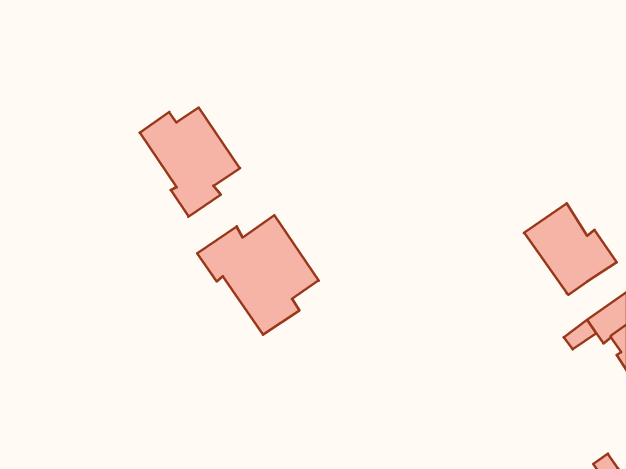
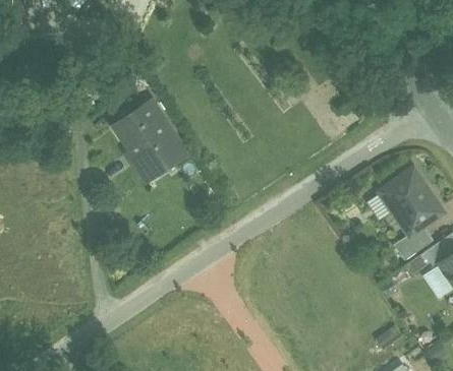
building: [197,215,319,335] -> none
building: none -> [394,226,434,260]

